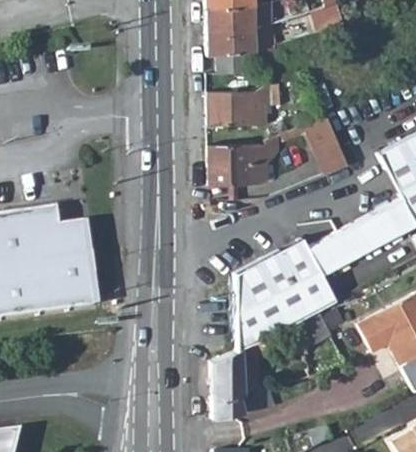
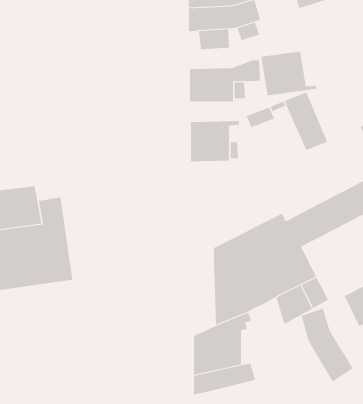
building: none -> [261,51,317,96]
building: none -> [301,308,353,383]

